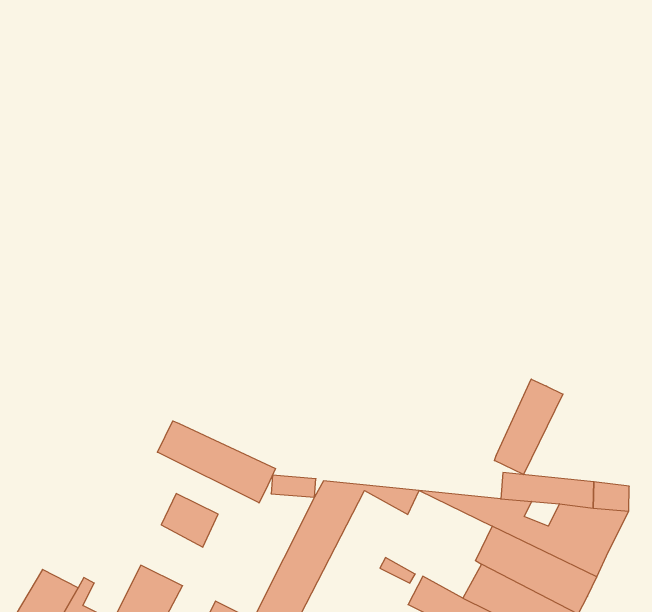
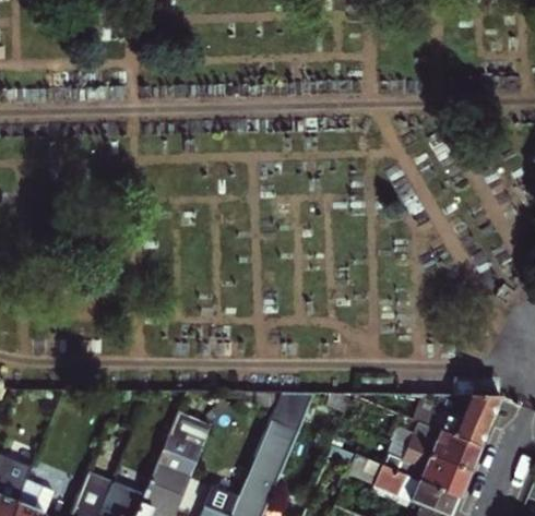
building: [494,379,563,475] -> none
building: [157,421,276,503] -> none
building: none -> [156,443,199,484]

